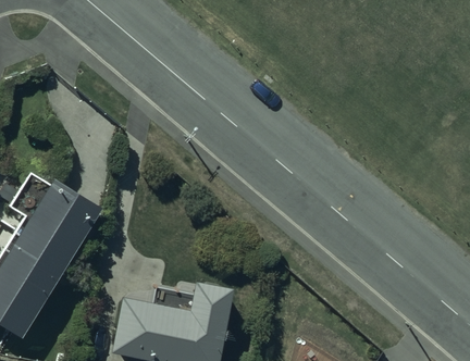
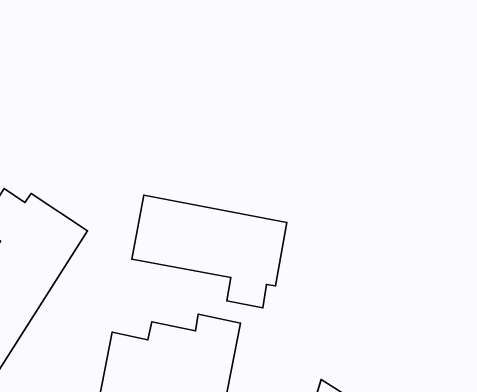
building: none -> [132,195,287,308]

